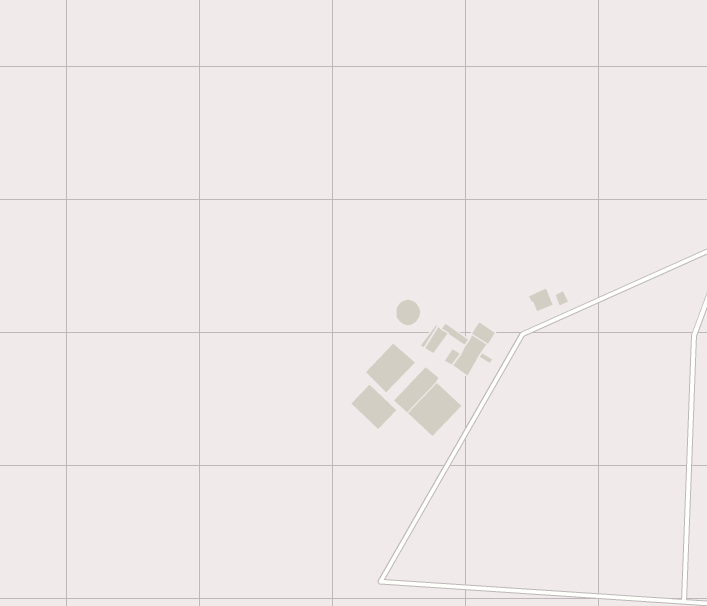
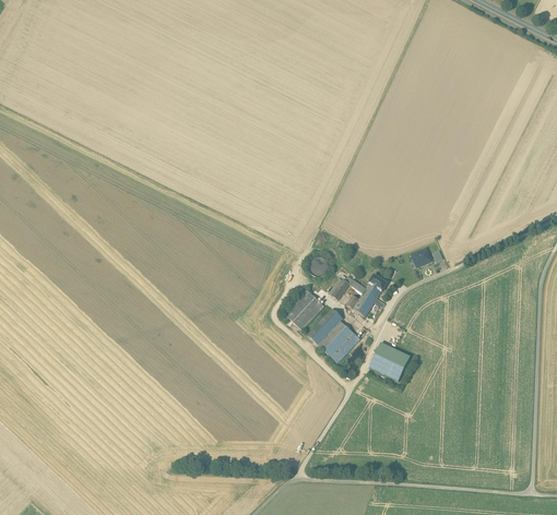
building: [351,384,397,430] -> none
building: none -> [369,343,411,382]

